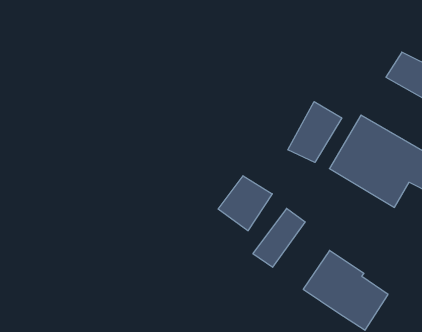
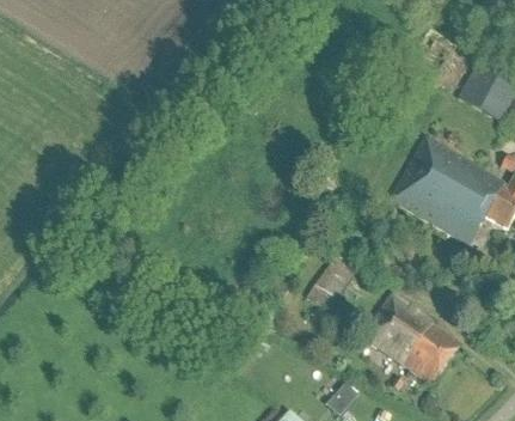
building: [288,102,342,162] -> none
building: [218,176,272,231] -> none

